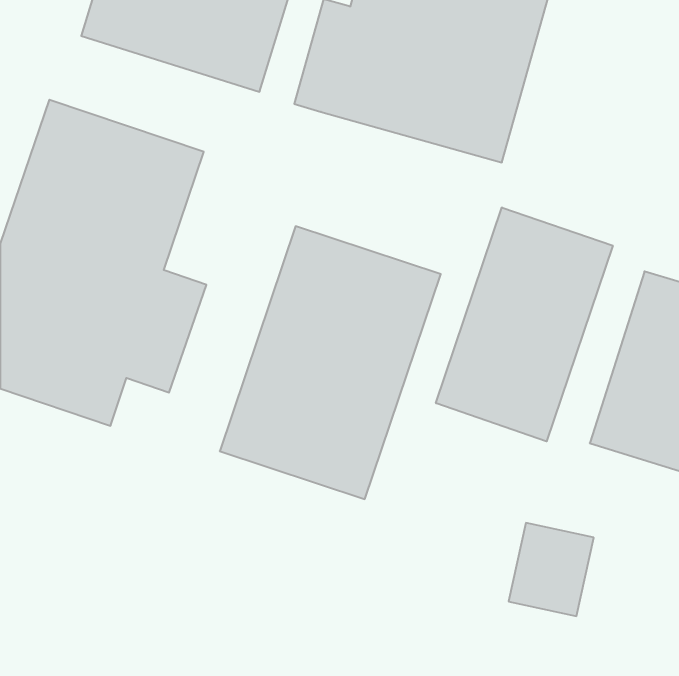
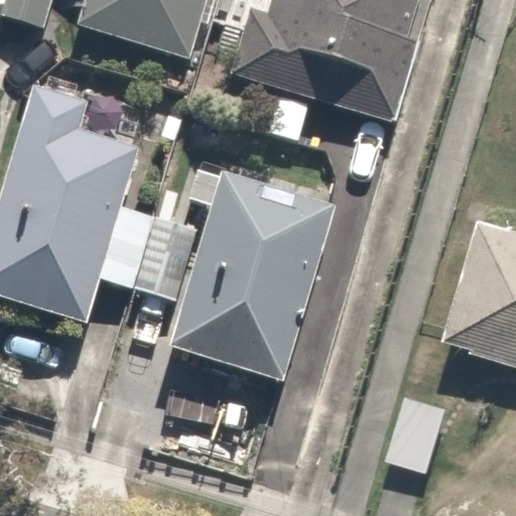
building: [436,207,613,441] -> none

